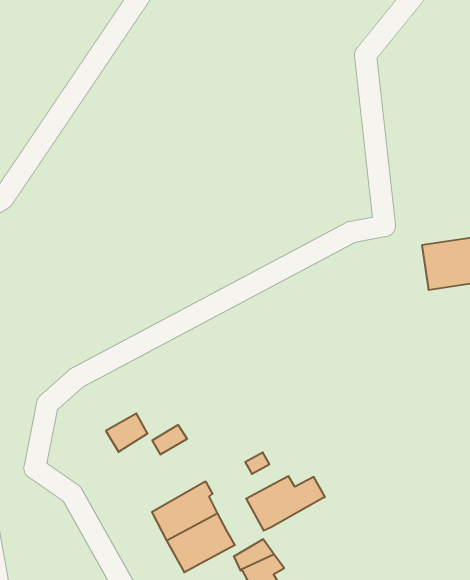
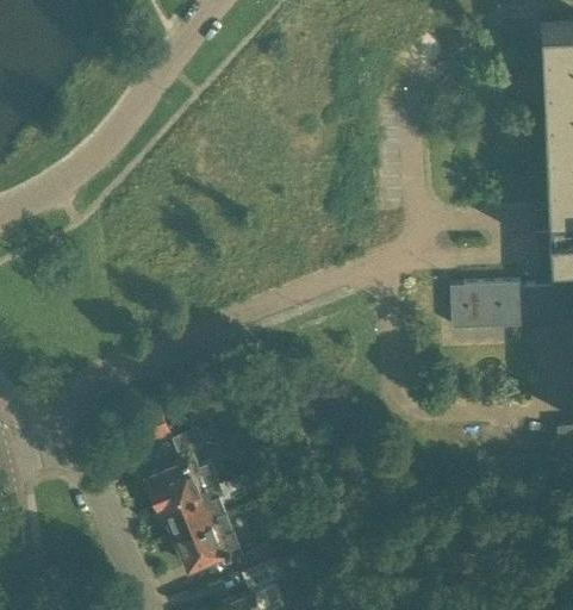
building: [246,476,325,531] -> [147,462,222,511]

